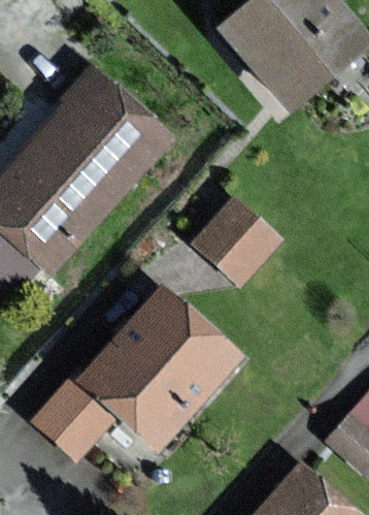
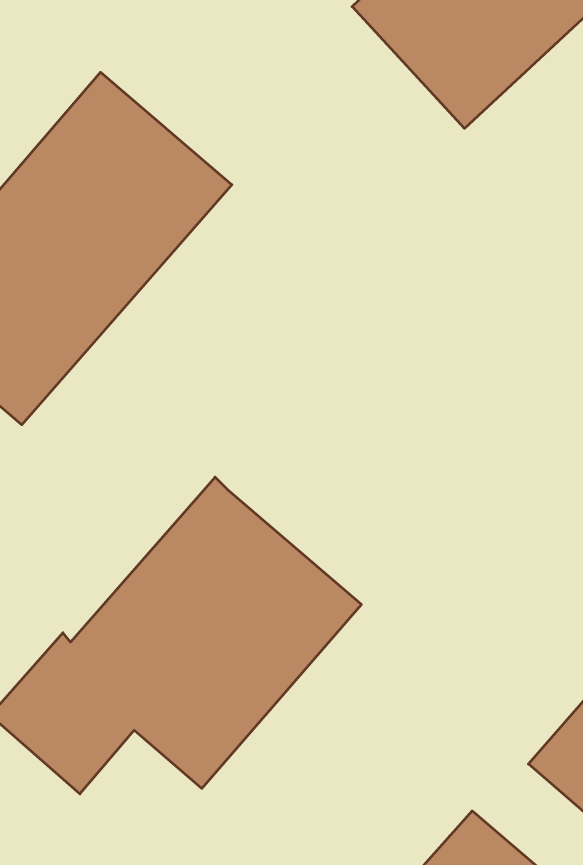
building: [191,198,280,287] -> none

